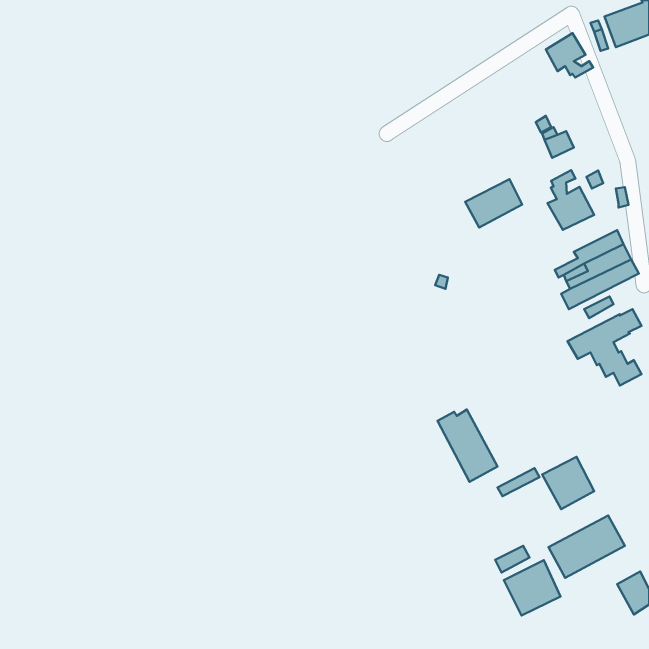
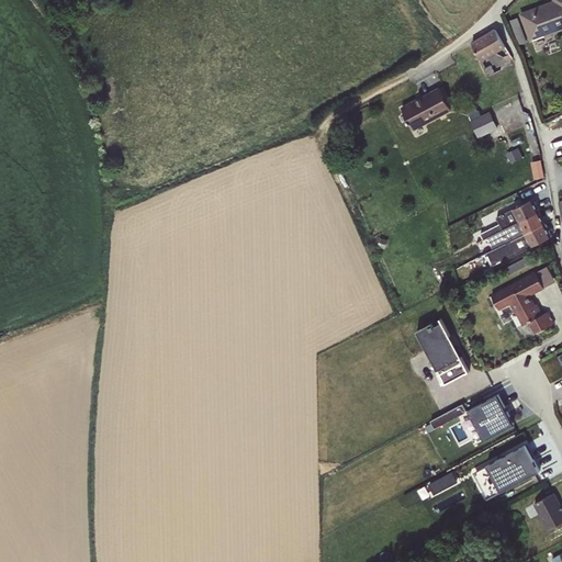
building: [548,170,594,230] -> none
building: [465,179,522,227] -> [401,89,450,131]
building: [438,409,497,482] -> [416,323,468,385]
building: [504,560,561,615] -> none

